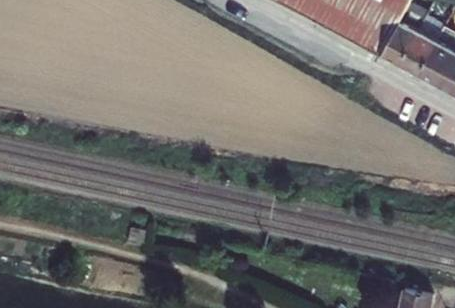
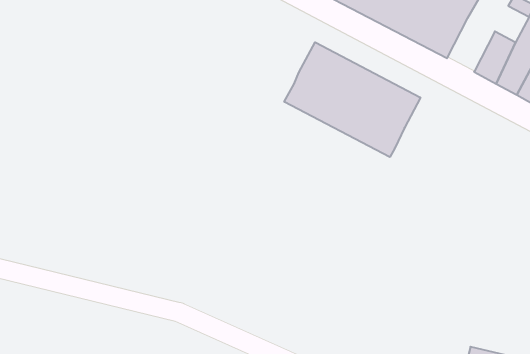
building: [380,22,419,66] -> none
building: none -> [284,42,420,157]

